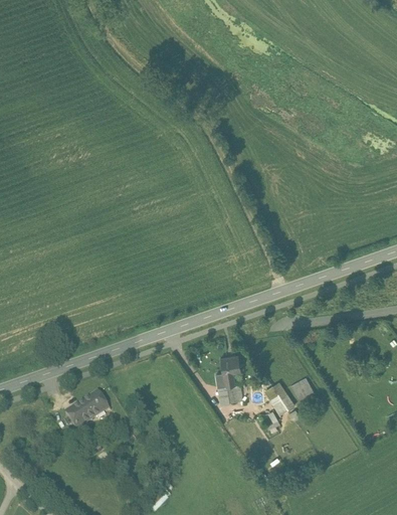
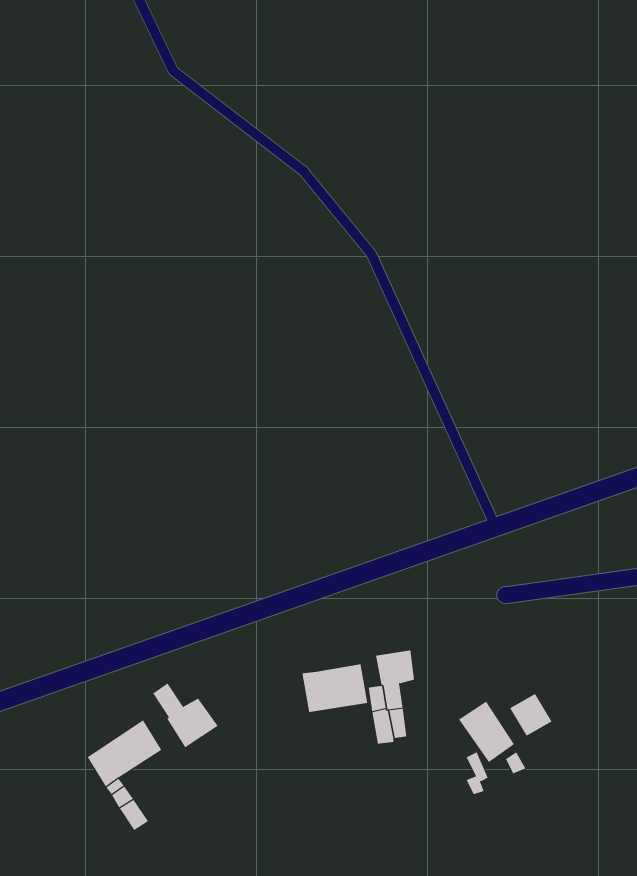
building: none -> [302,664,368,713]
building: none -> [152,683,218,748]

